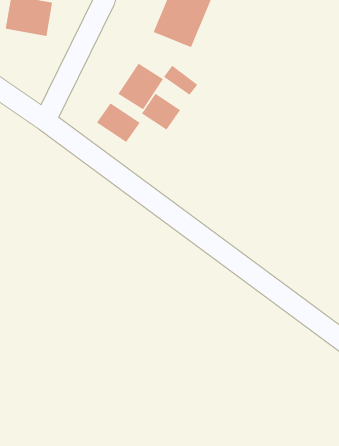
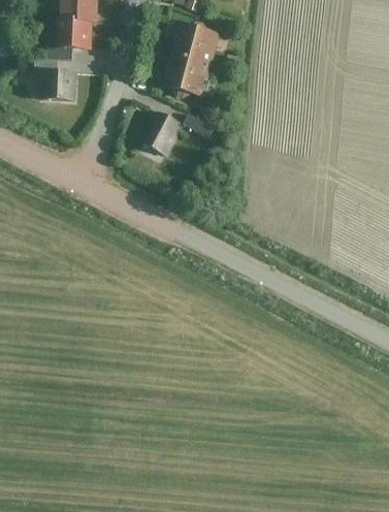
building: [141,93,181,131] -> none
building: [96,103,140,143] -> none

